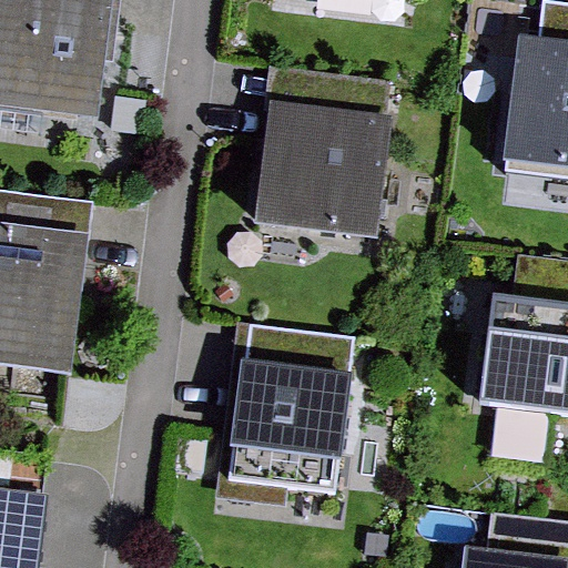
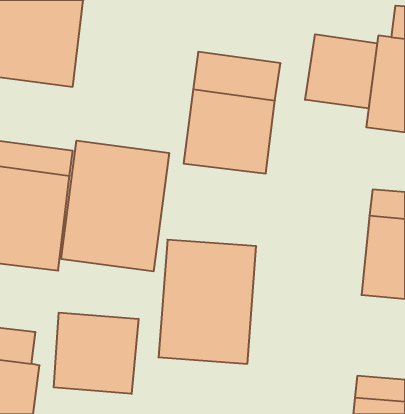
building: none -> [305,34,377,109]
building: none -> [61,141,169,271]
building: none -> [54,313,138,394]

